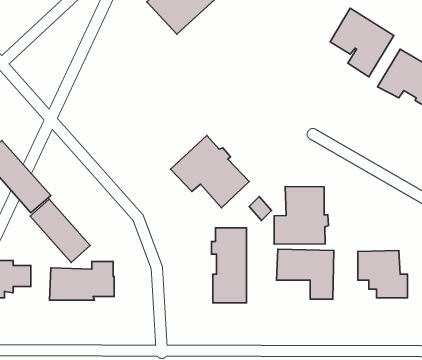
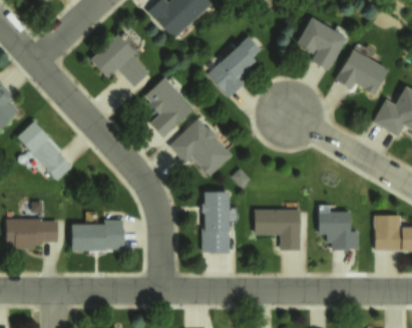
building: none -> [91,35,147,85]
building: none -> [207,37,259,97]
building: none -> [146,77,194,138]
building: [274,187,329,244] -> none
building: [30,199,90,263] -> none

